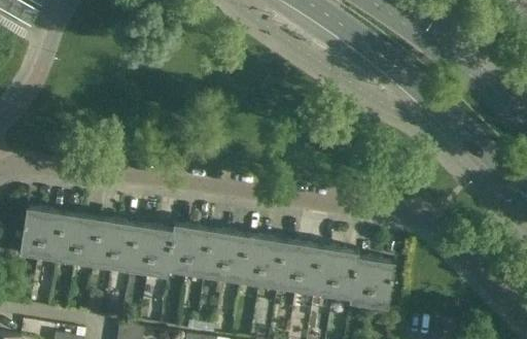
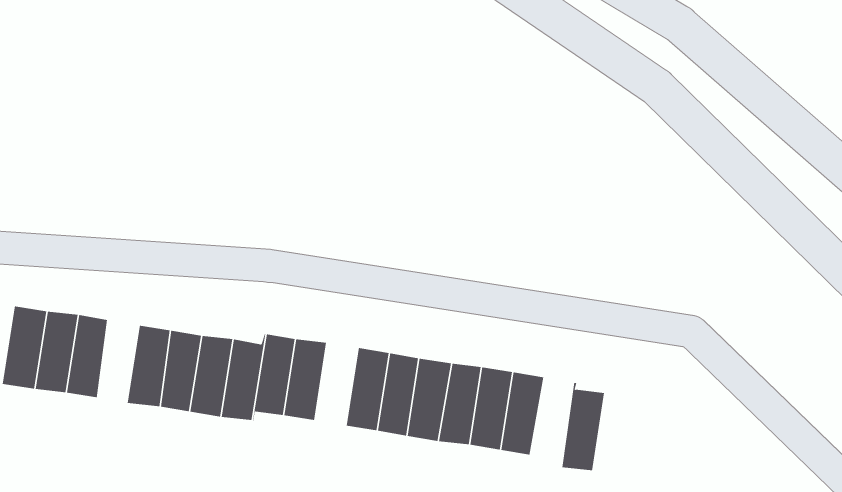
building: [75,216,100,266] -> none
building: [204,230,230,279] -> none
building: [331,250,357,304] -> none
building: [368,260,395,309] -> none

